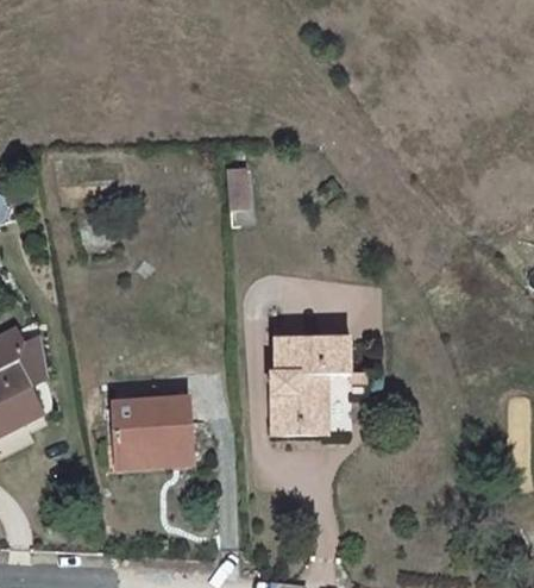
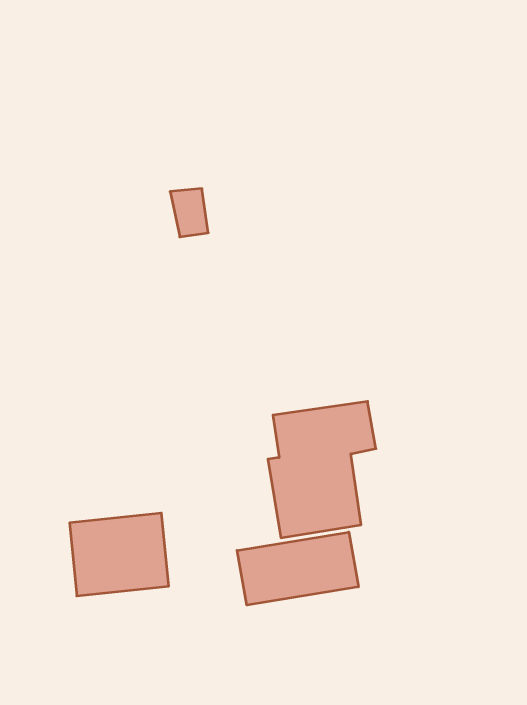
building: none -> [237,532,358,605]

